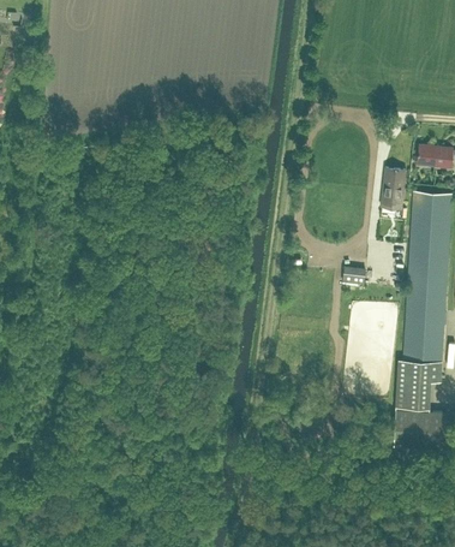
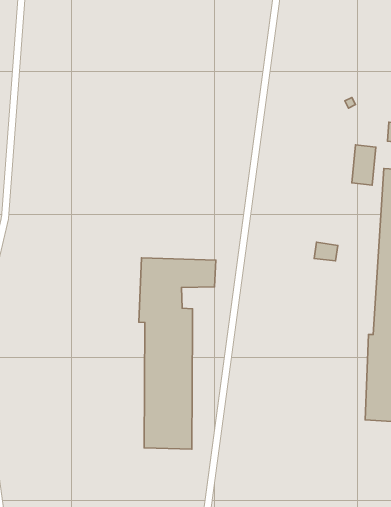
building: none -> [139,258,216,449]

